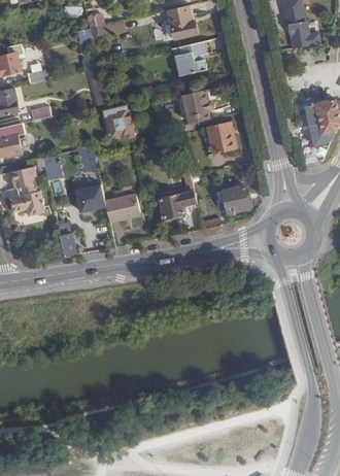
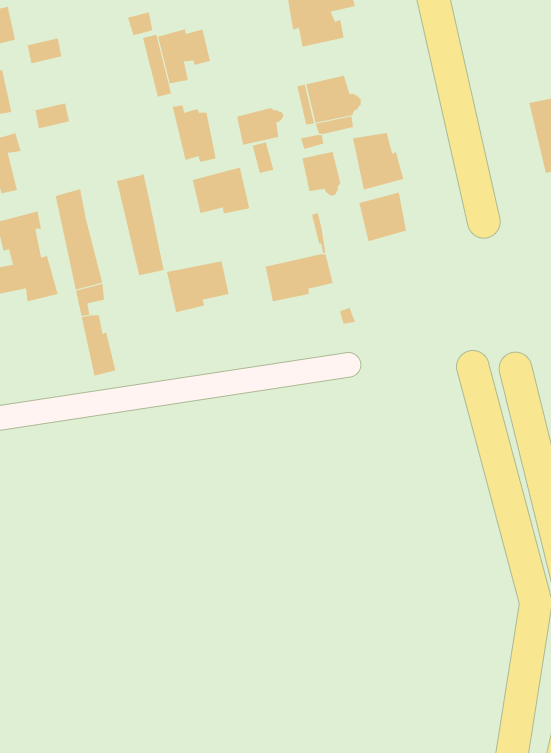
building: none -> [158,29,211,84]
building: none -> [236,107,284,146]
building: none -> [302,151,341,196]
building: none -> [192,167,250,214]
building: [222,185,248,213] -> [359,192,407,242]

